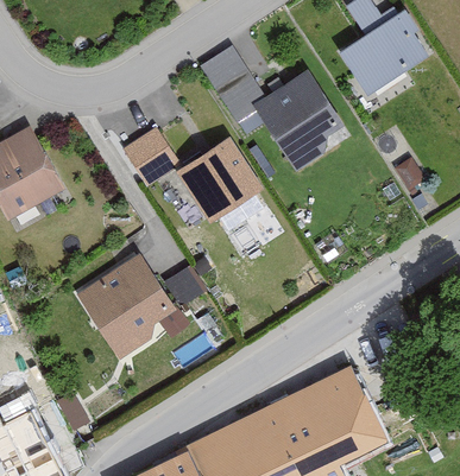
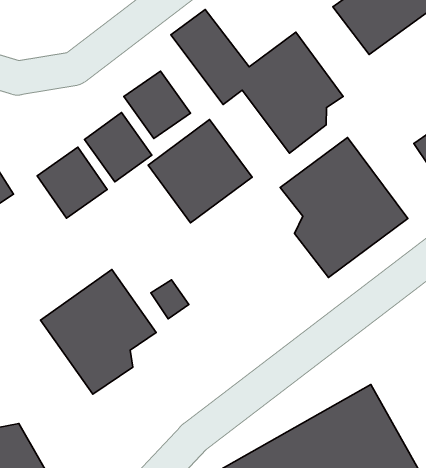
building: none -> [124,71,190,138]
building: none -> [37,147,107,218]
building: none -> [280,137,408,278]

